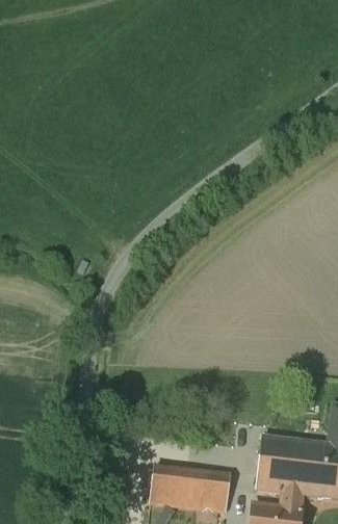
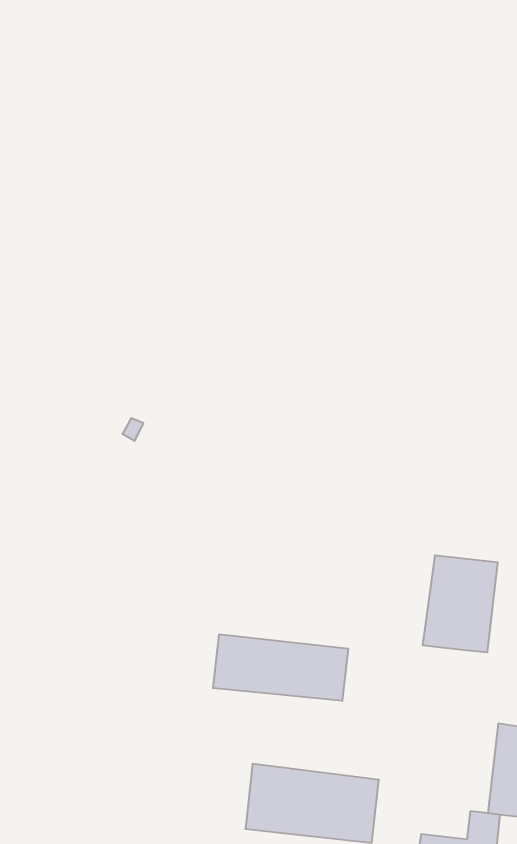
building: none -> [213,634,348,701]
building: [256,436,301,493] -> [422,556,498,652]

